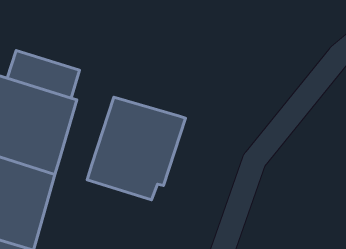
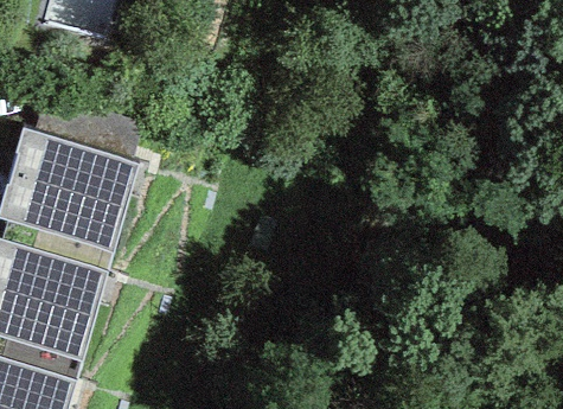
building: [87,97,185,200] -> none

